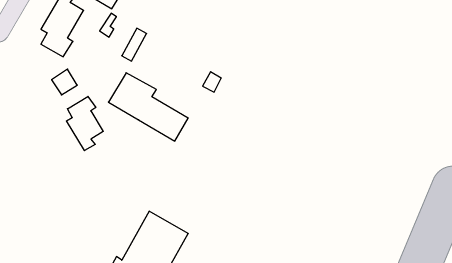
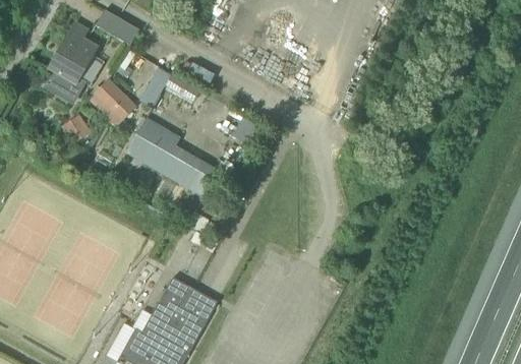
building: none -> [91,79,134,125]
building: [66,96,103,151] -> none

